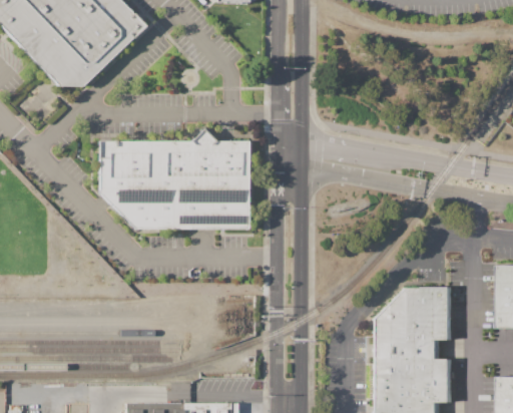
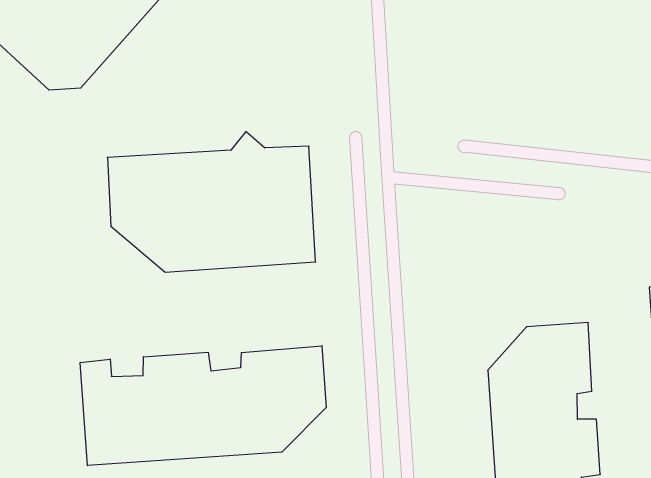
building: none -> [80,346,326,466]

